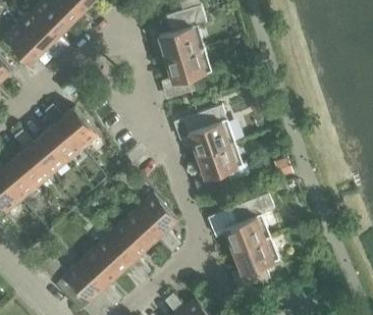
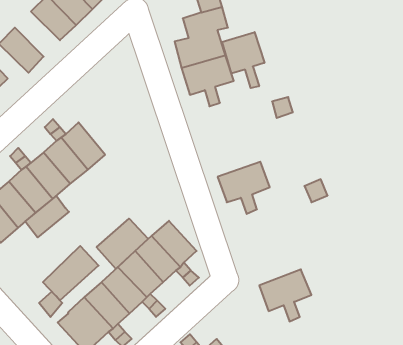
building: [17,10,57,50] -> none
building: none -> [222,32,264,88]
building: [188,106,233,156] -> none
building: none -> [25,196,69,237]
building: none -> [97,219,148,269]
building: [223,195,275,252] -> none
building: none -> [43,246,99,300]

